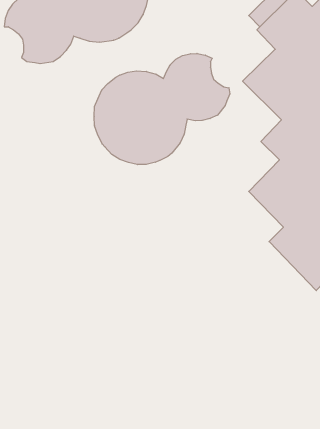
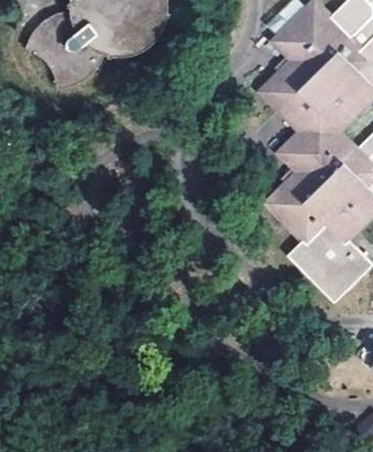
building: [94,53,230,165] -> none

